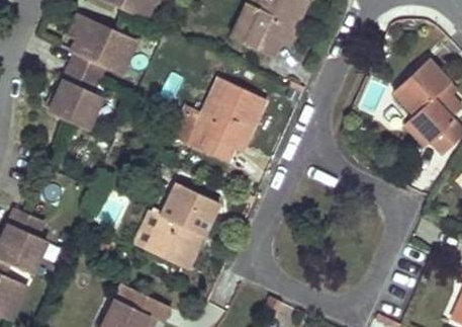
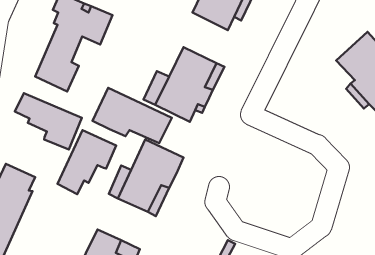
building: none -> [93,88,172,143]
building: none -> [15,93,82,149]
building: none -> [57,130,116,194]

